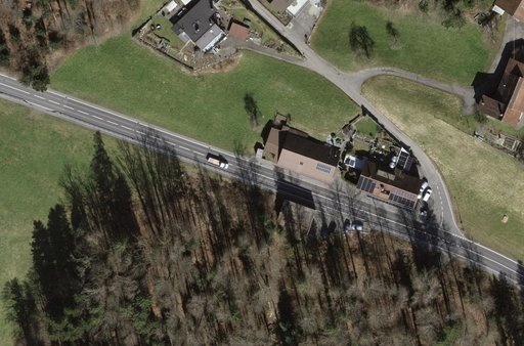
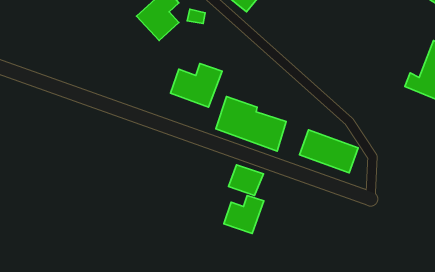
building: none -> [170,64,222,107]
building: none -> [224,196,264,234]

